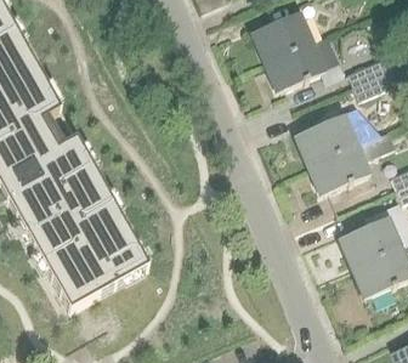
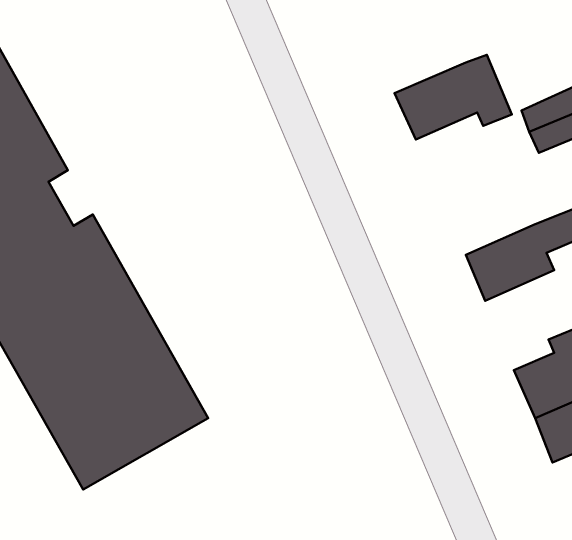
building: [254,12,311,61] -> none
building: [298,115,355,163] -> none

